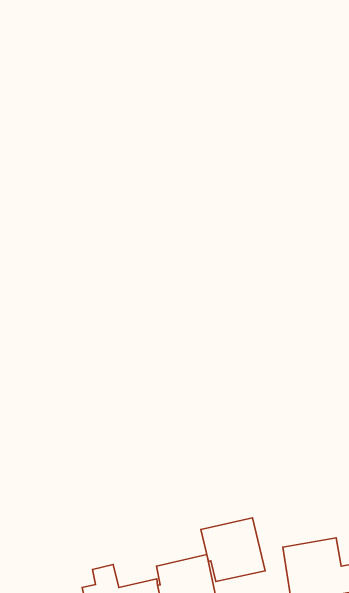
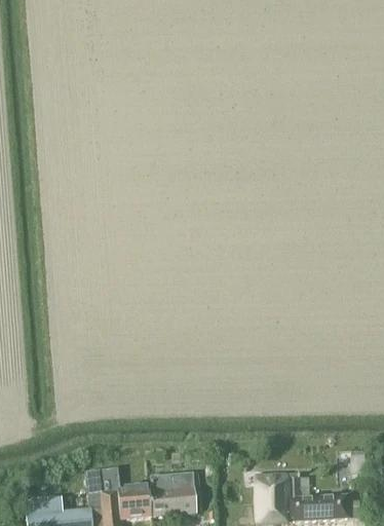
building: [201,518,265,582] -> none

